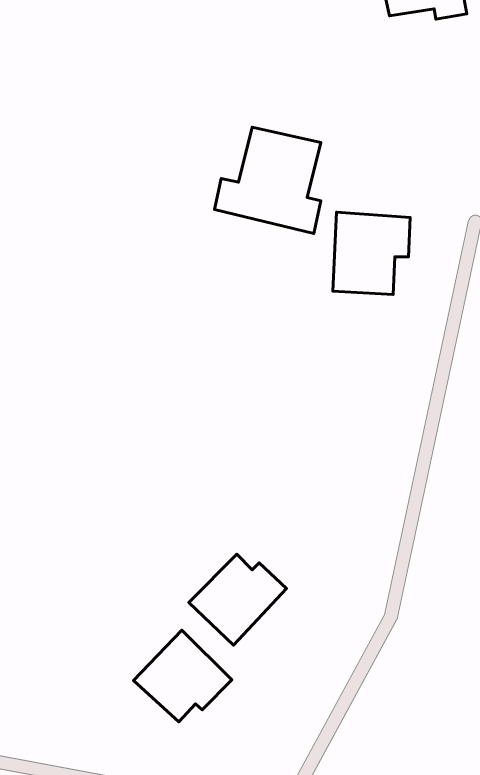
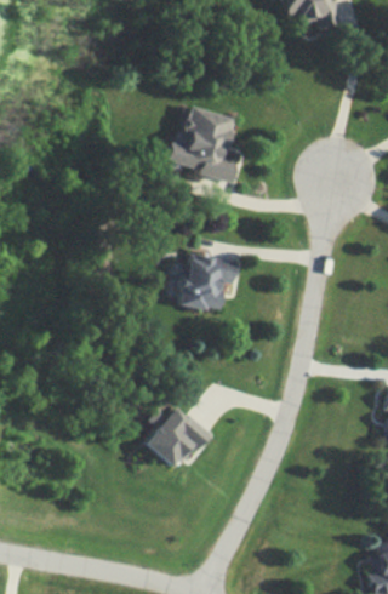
building: [333,212,410,295] -> [179,252,234,310]
building: [134,630,232,722] -> none

